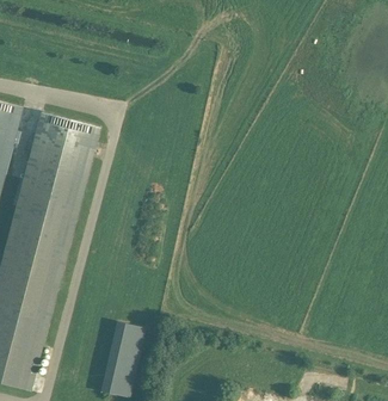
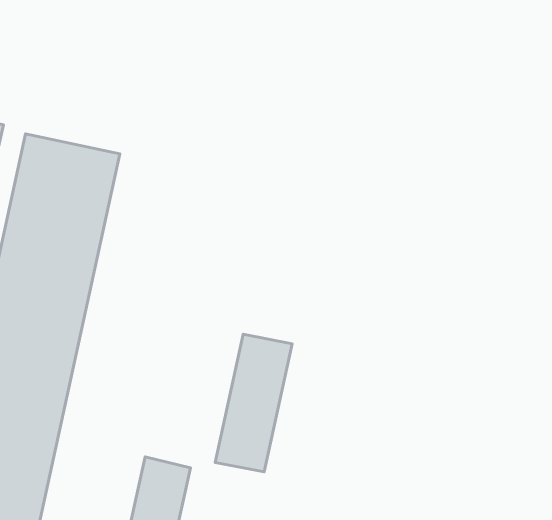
building: none -> [215,334,292,472]

